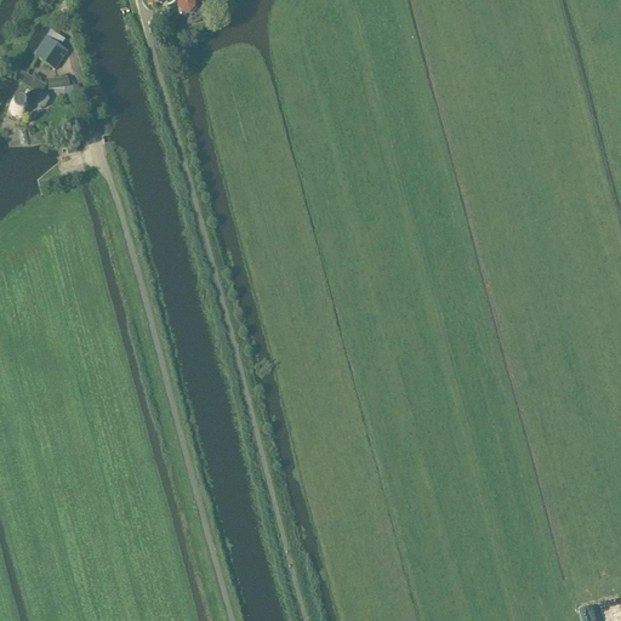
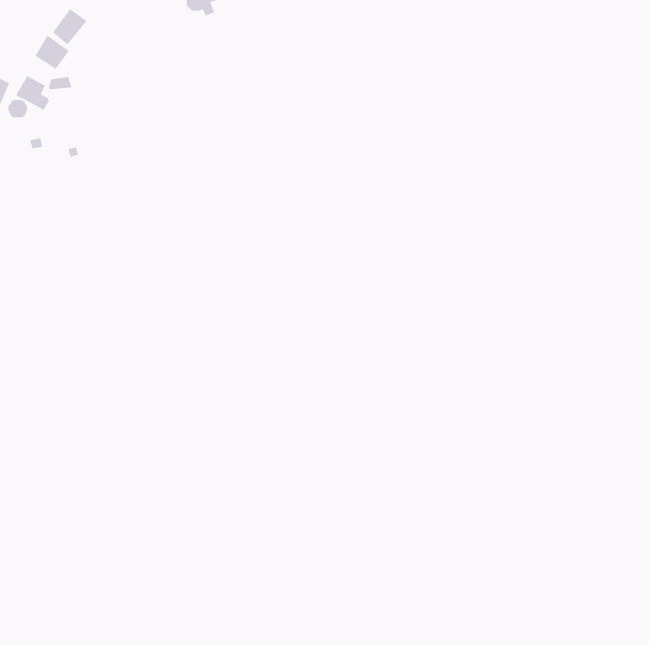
building: none -> [52,8,87,45]

